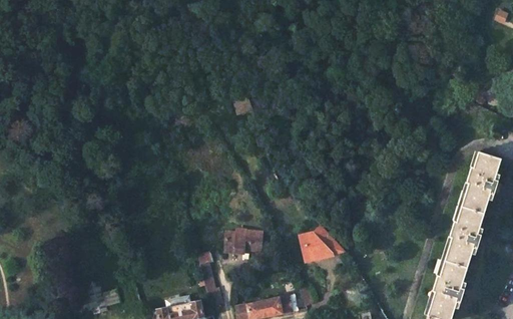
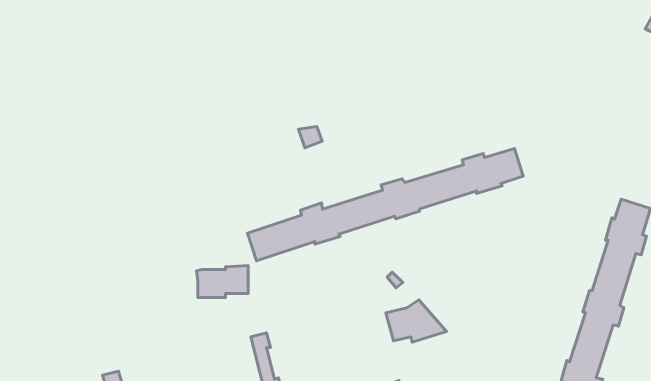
building: none -> [248,148,523,261]
building: [224,231,264,255] -> [197,266,248,297]

